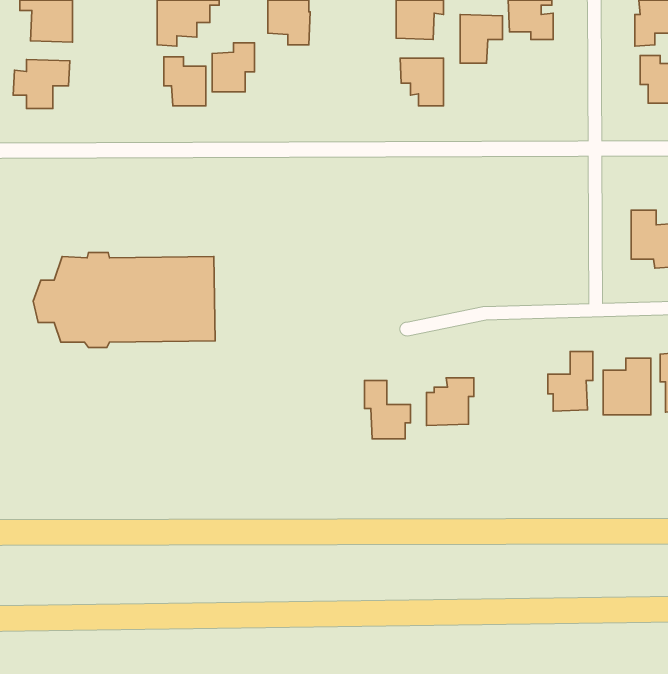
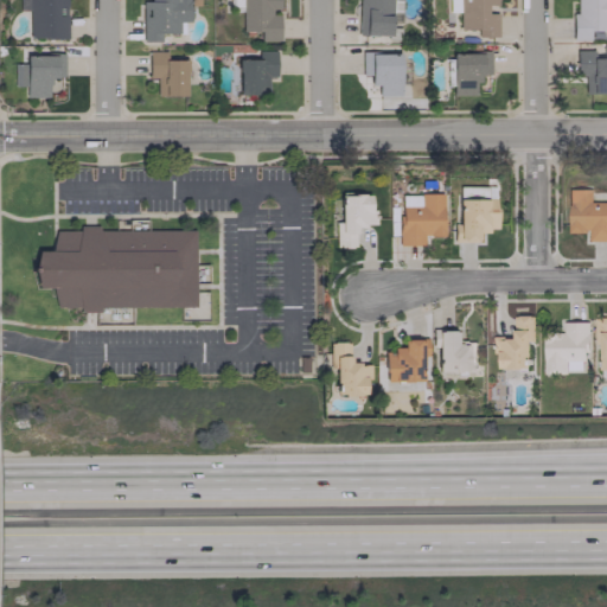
building: [460,14,502,63] -> [456,52,494,96]
building: [212,43,254,92] -> [243,51,281,95]
building: none -> [404,194,448,247]
building: none -> [340,196,379,249]
building: none -> [458,199,501,243]
building: none -> [436,331,480,372]

